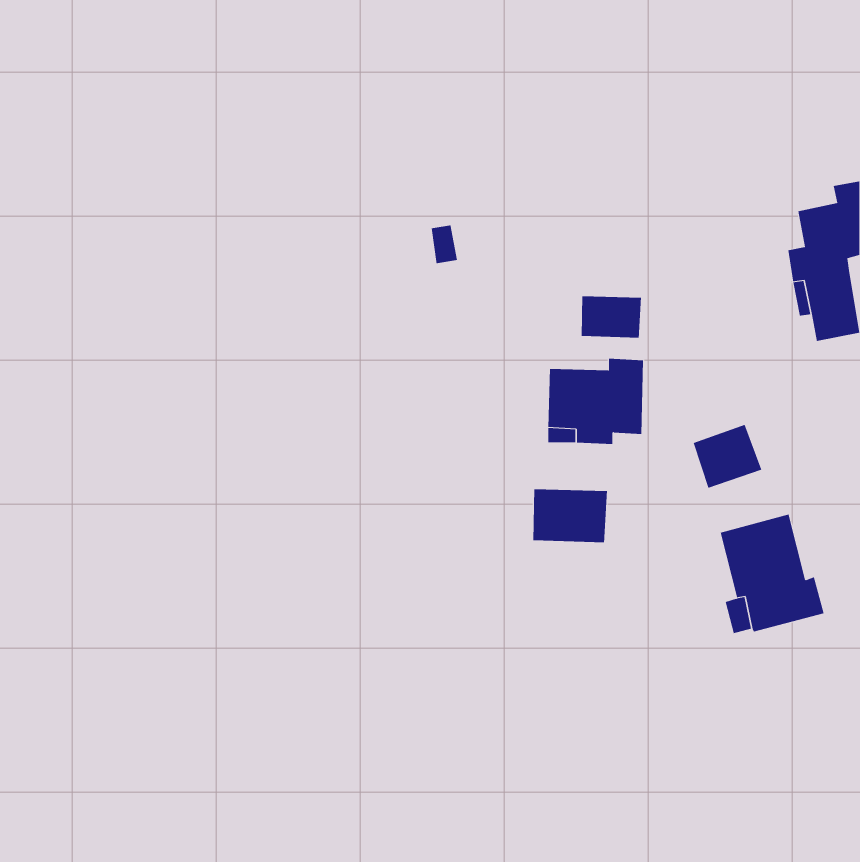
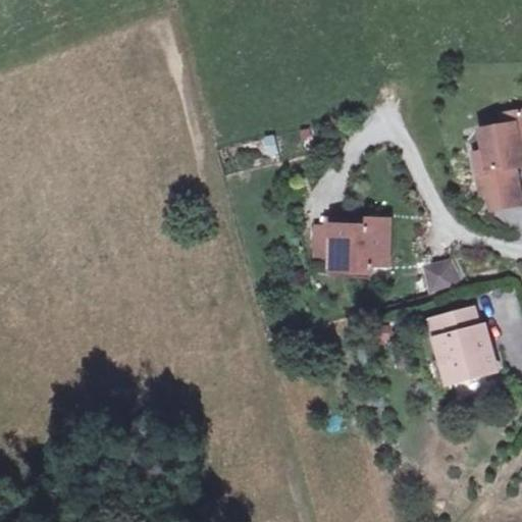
building: [581,295,641,338] -> none
building: [533,488,608,543] -> none

